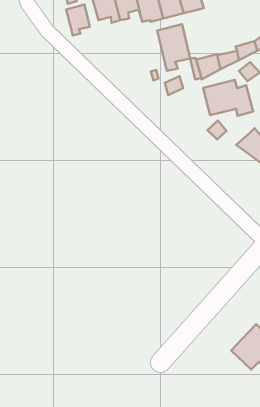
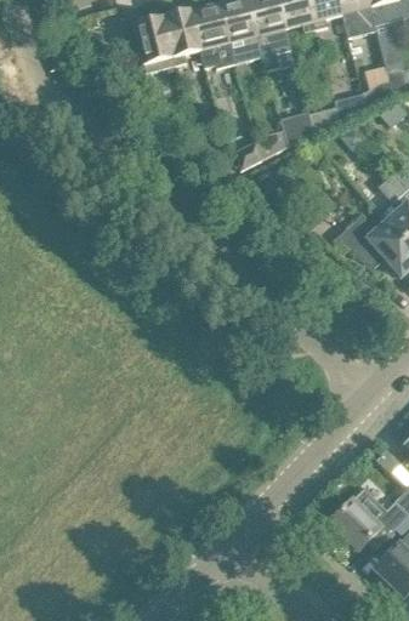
building: [66,5,90,35] -> none
building: [157,24,190,71] -> none
building: [203,80,253,116] -> none

